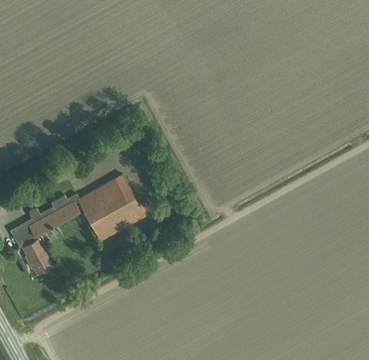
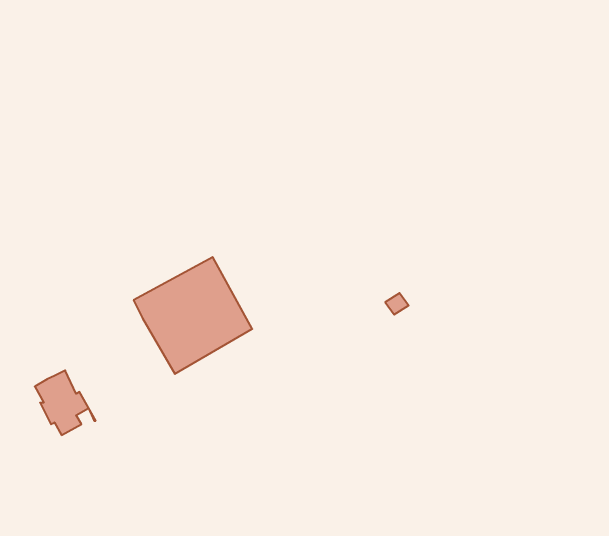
building: [20,196,82,245] -> none

